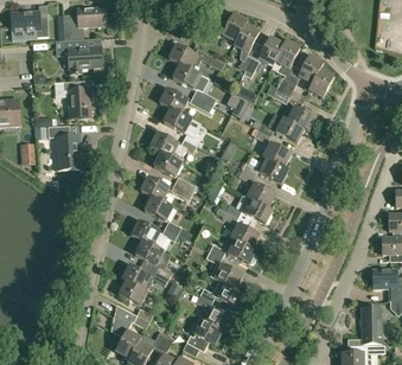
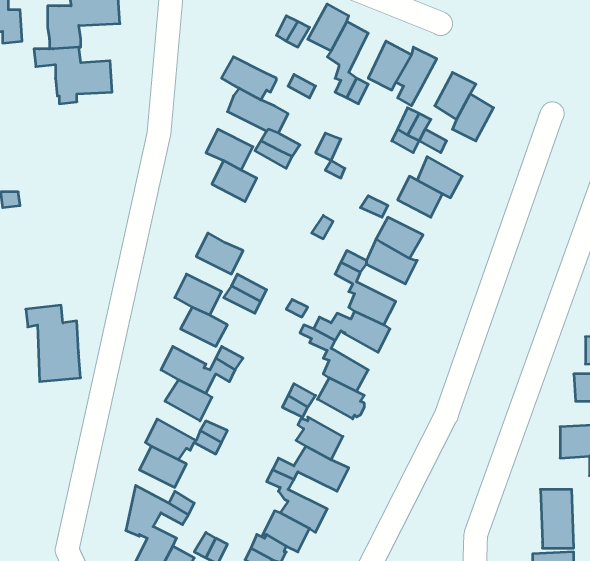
building: [55,79,91,117] -> none
building: [47,123,81,169] -> [26,305,81,382]
building: [149,132,194,156] -> none

